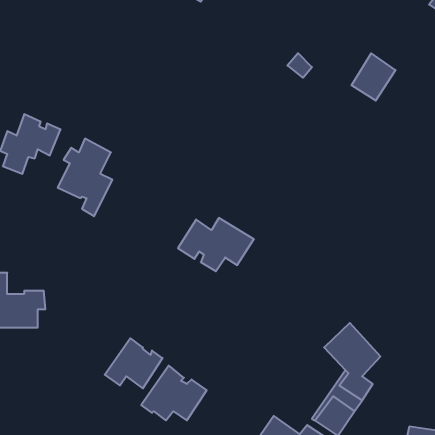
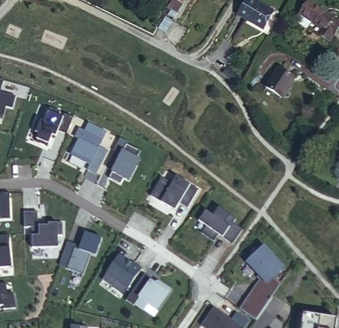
building: none -> [108,138,139,182]
building: none -> [198,205,242,242]
building: none -> [58,230,102,273]

